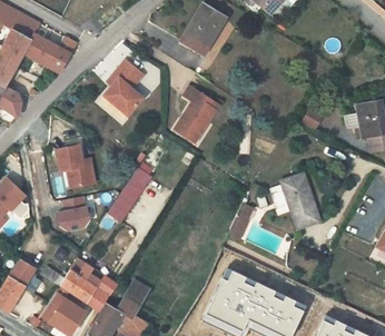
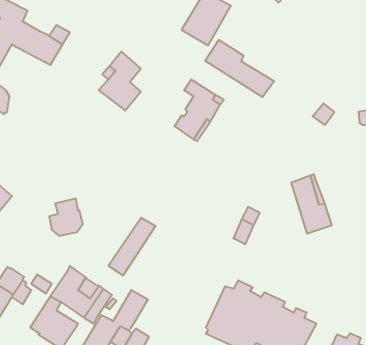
building: none -> [205,40,274,97]
building: [56,145,95,187] -> none
building: [107,168,150,221] -> [109,218,156,275]

